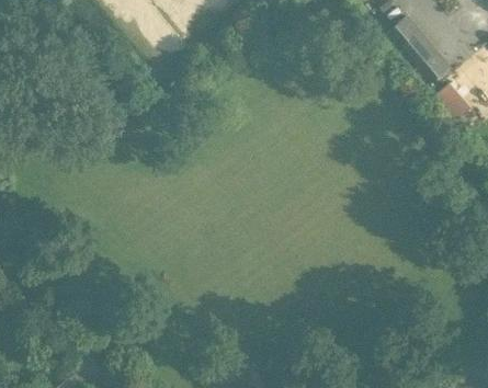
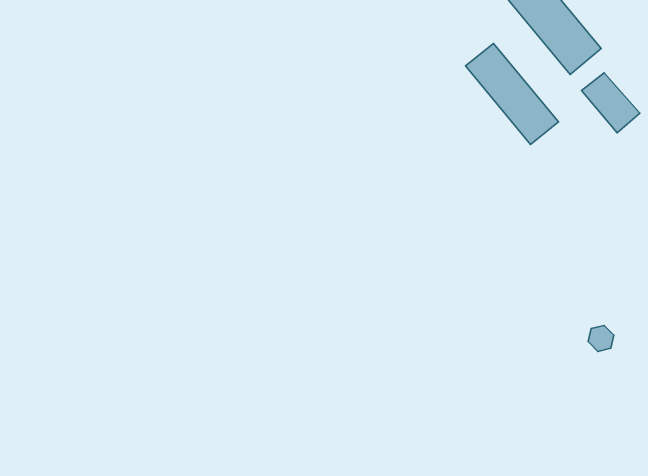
building: none -> [465,43,558,145]

